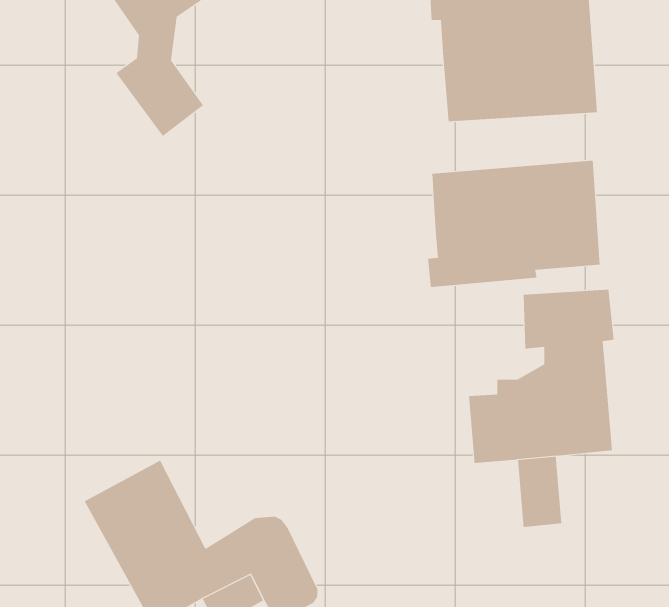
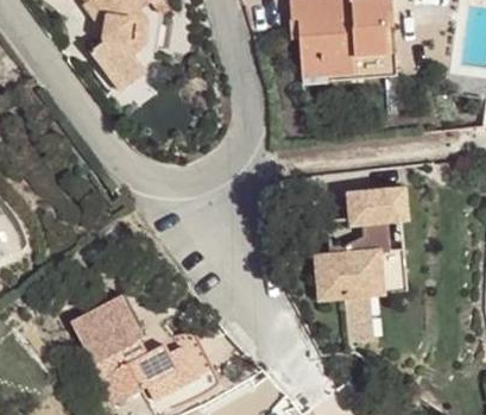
building: [428,160,600,288] -> none

